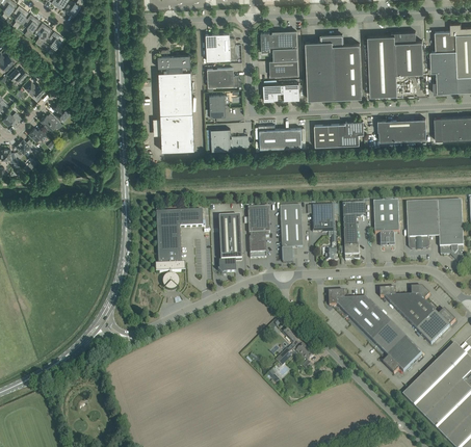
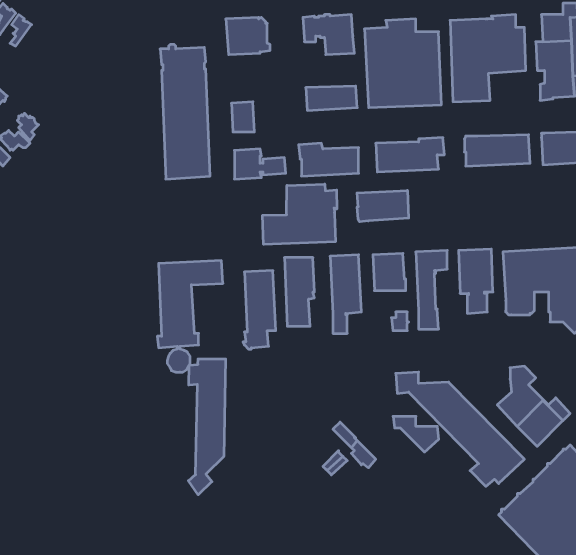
building: [270,59,298,76] -> none
building: [207,68,239,86] -> none
building: none -> [263,184,337,244]
building: none -> [357,190,409,222]
building: none -> [188,359,226,495]
building: [380,289,413,315] -> [393,416,439,452]

